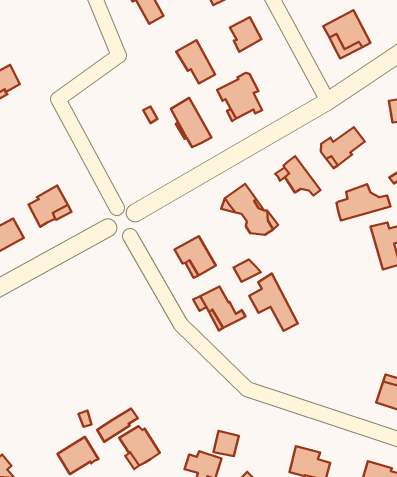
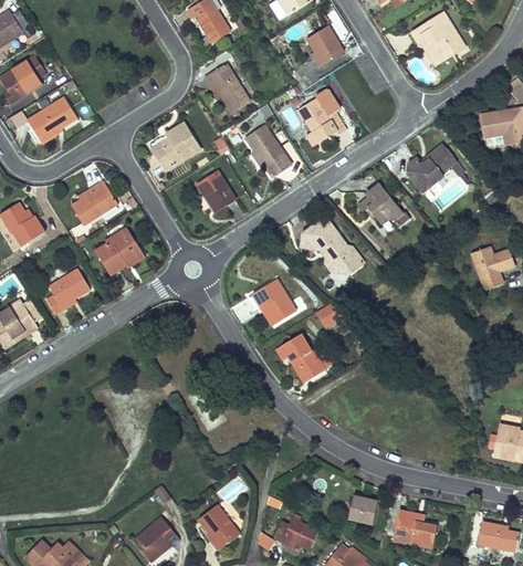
building: [176,40,215,83] -> [201,65,247,114]
building: none -> [146,124,197,171]
building: none -> [192,174,231,214]
building: none -> [65,185,111,229]
building: [336,184,390,220] -> none
building: [249,274,298,331] -> none
building: [97,408,138,442] -> none
building: [213,431,239,456] -> [355,494,383,522]

